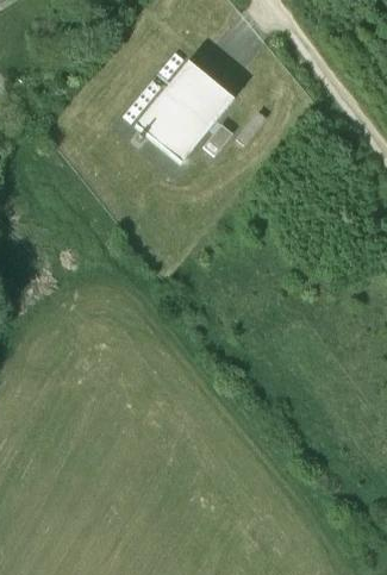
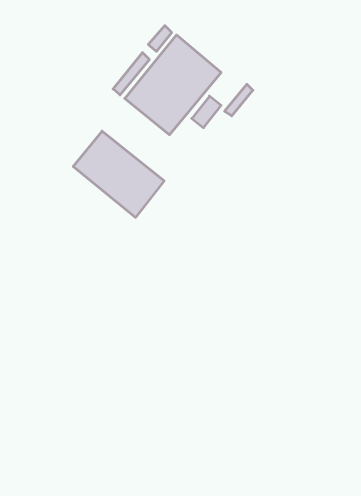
building: none -> [73,131,164,217]

